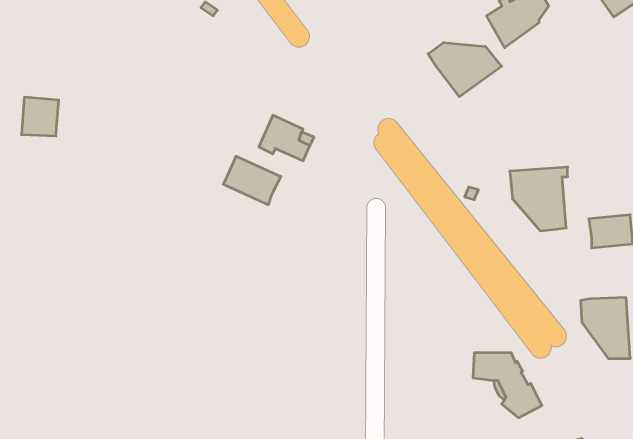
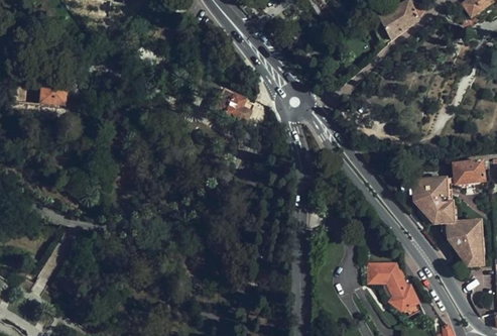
building: [428,43,502,97] -> none
building: [223,156,281,205] -> none
building: [510,167,568,231] -> [412,179,455,225]

